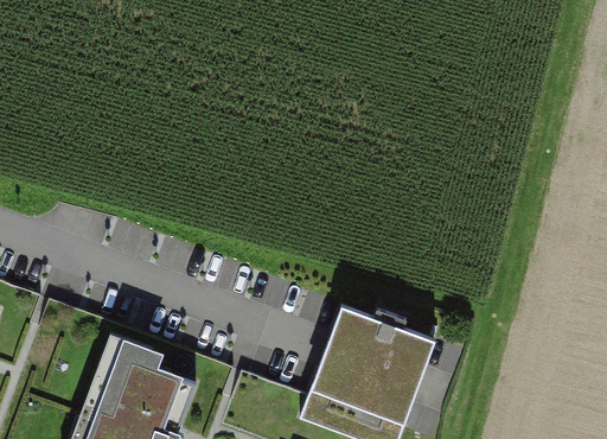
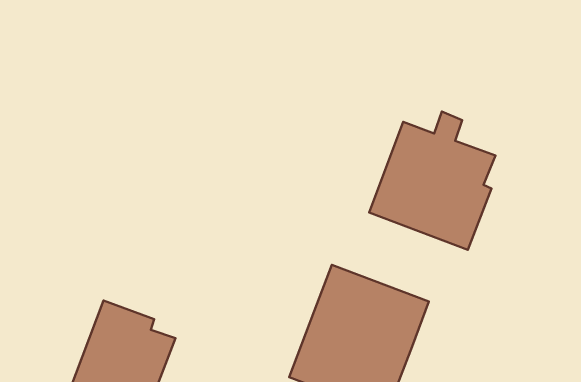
building: none -> [369,112,495,250]

